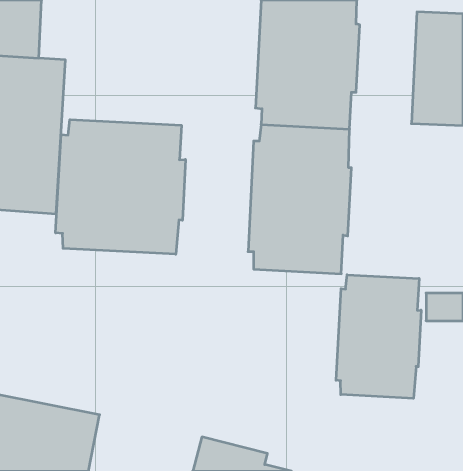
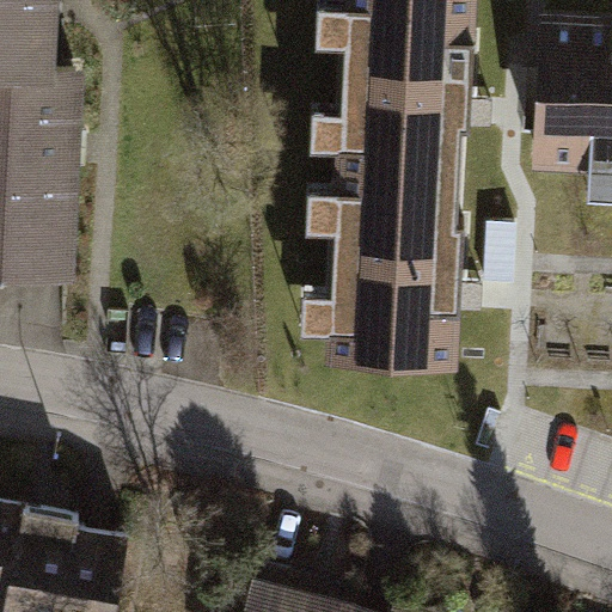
building: [56,120,185,254] -> none
building: [336,275,421,398] -> none

